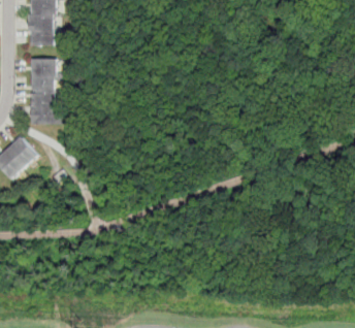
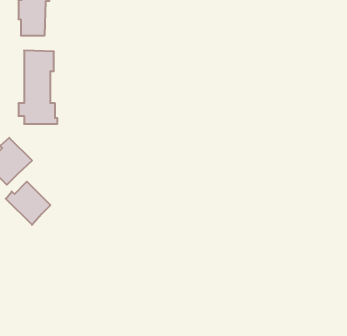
building: none -> [6,182,50,225]

